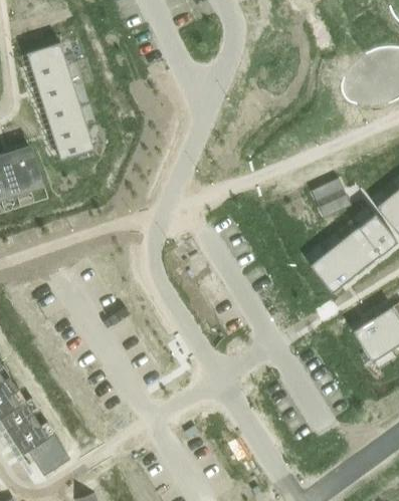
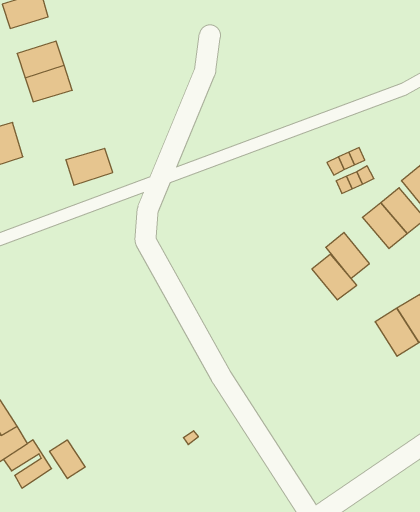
building: [33,64,73,96] -> none
building: [53,129,94,161] -> [66,148,113,185]
building: [326,240,365,280] -> [312,254,357,300]
building: none -> [50,440,85,479]

